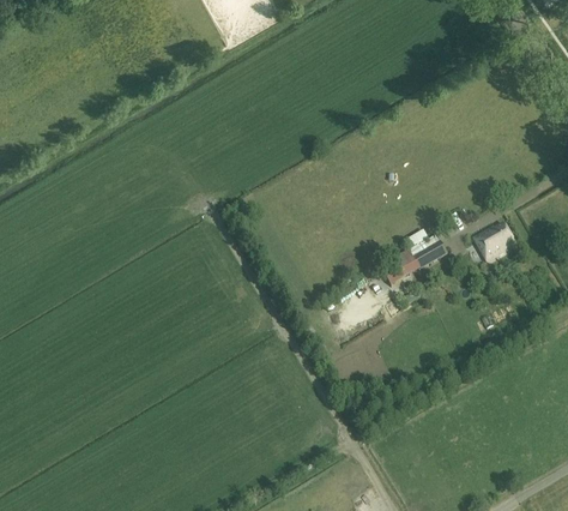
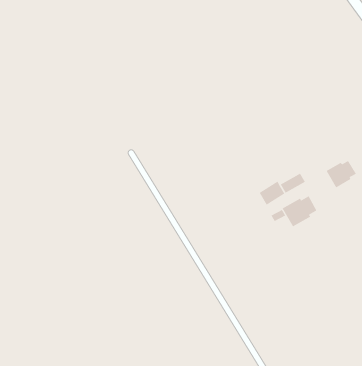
building: none -> [282,195,317,227]

